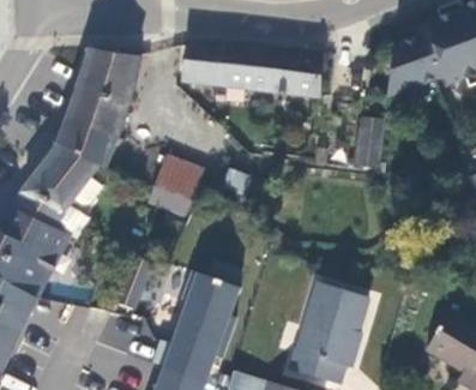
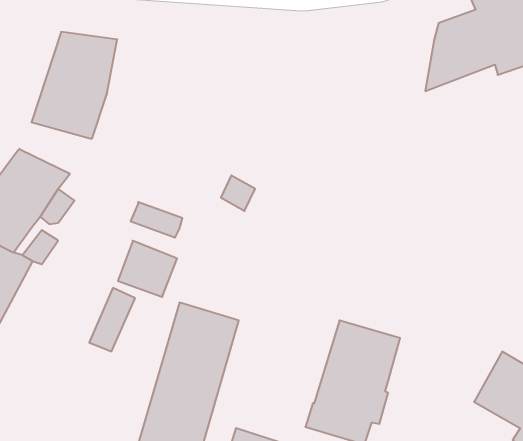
building: [181,42,323,97] -> none
building: [354,115,384,167] -> none
building: [60,122,116,167] -> none
building: [155,155,203,200] -> [118,241,177,297]

